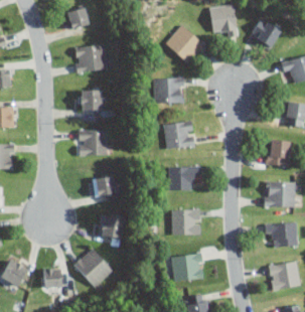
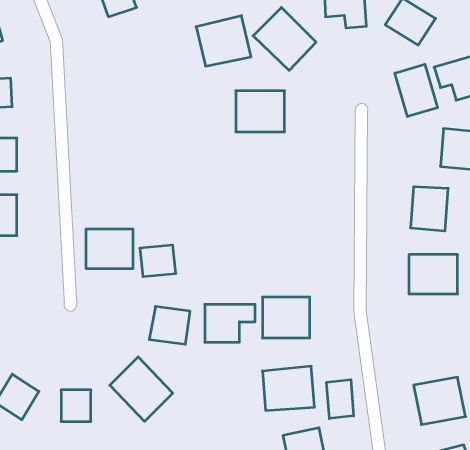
building: [73,42,109,74] -> [196,16,251,66]
building: none -> [395,64,438,117]
building: [81,90,103,111] -> none
building: [163,121,195,150] -> none
building: [79,131,109,156] -> [86,229,133,268]
building: [168,167,200,191] -> [205,304,255,342]
building: [265,223,298,247] -> none
building: none -> [327,380,354,419]

